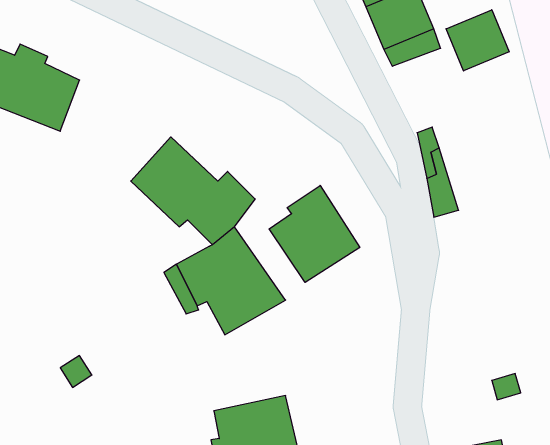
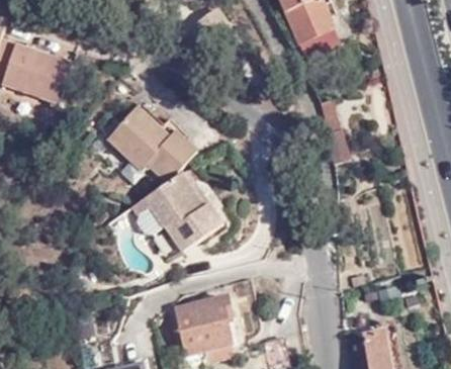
building: [446,10,509,71] -> none
building: [269,185,360,282] -> none

